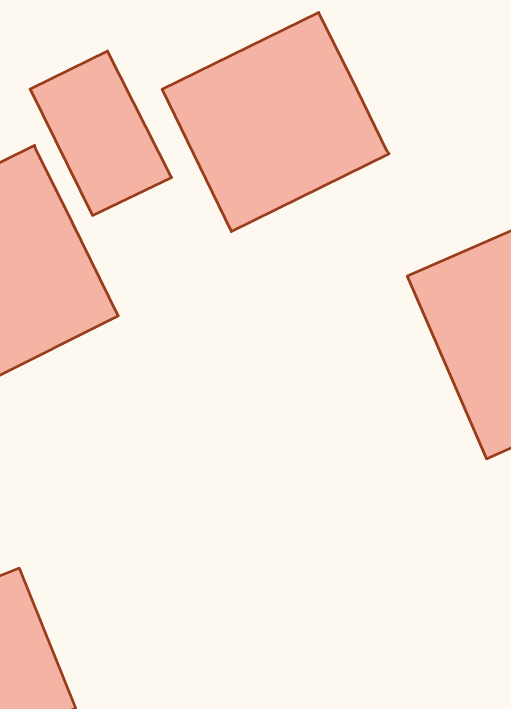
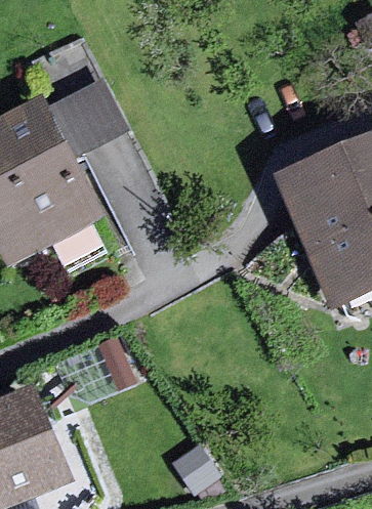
building: [162,12,389,232] -> none

